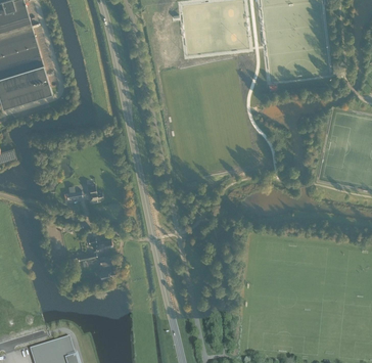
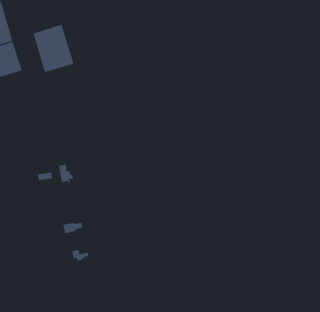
building: none -> [33,24,74,73]

